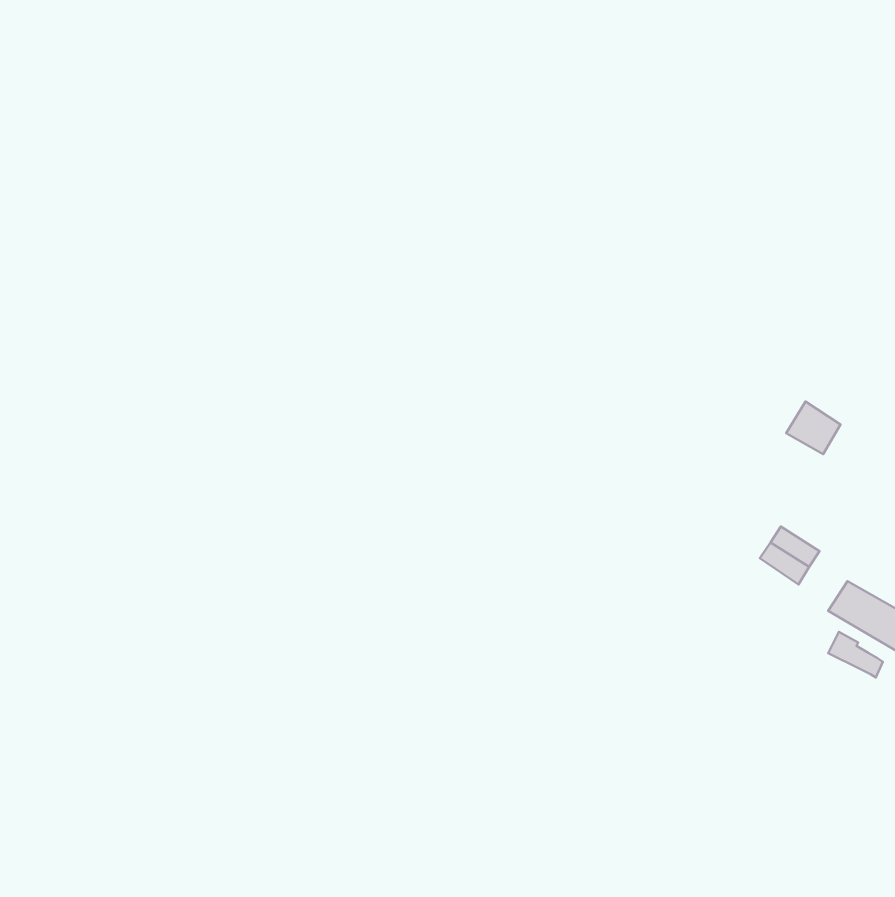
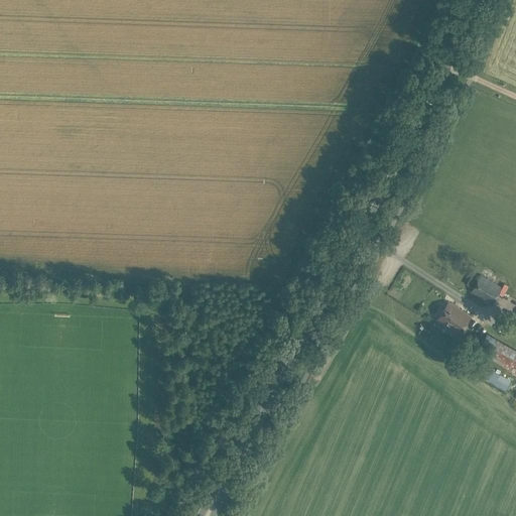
building: [786,402,841,454] -> [471,275,502,305]

